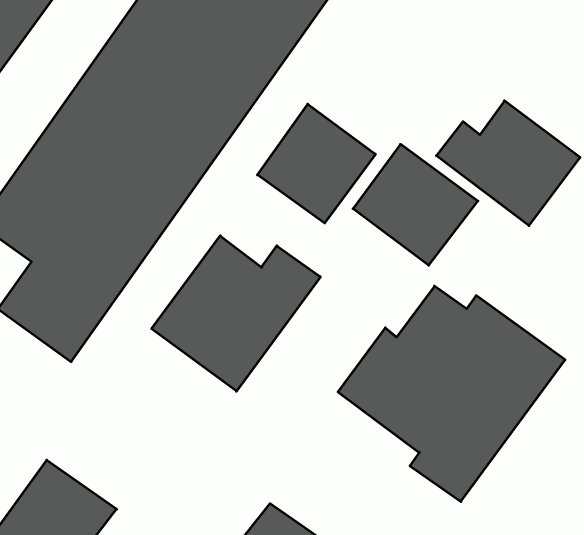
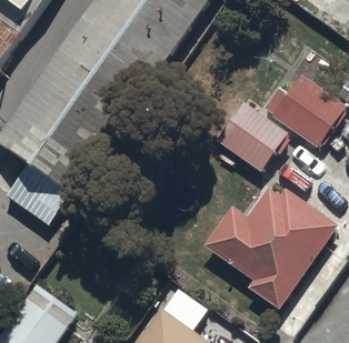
building: [257,104,375,223] -> none
building: [152,236,320,391] -> none

